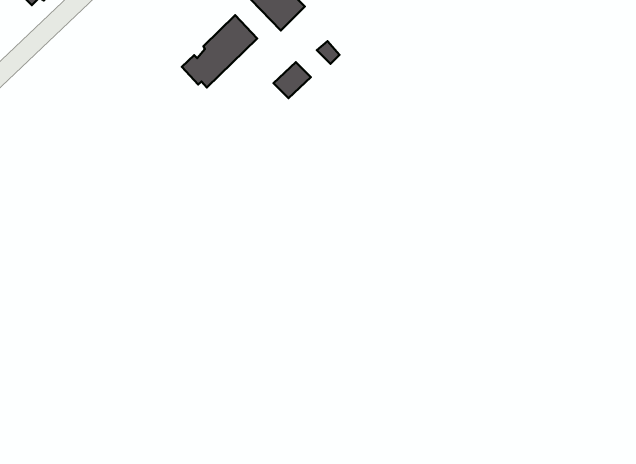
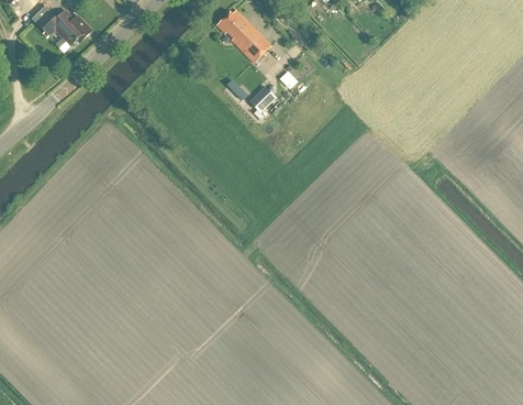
building: [182,15,257,87] -> none

